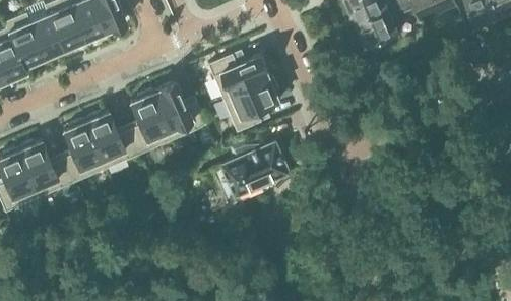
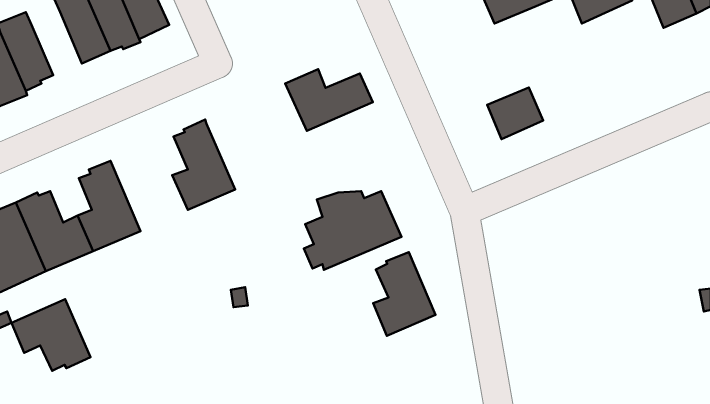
building: [357,9,396,46] -> [487,87,543,139]
building: [28,13,64,58] -> none
building: [223,76,280,132] -> none
building: [152,82,206,139] -> none
building: [84,111,139,169] -> none
building: none -> [373,252,435,336]
building: none -> [12,299,90,371]

